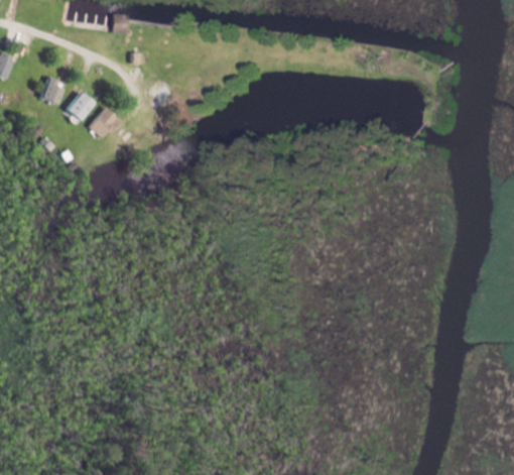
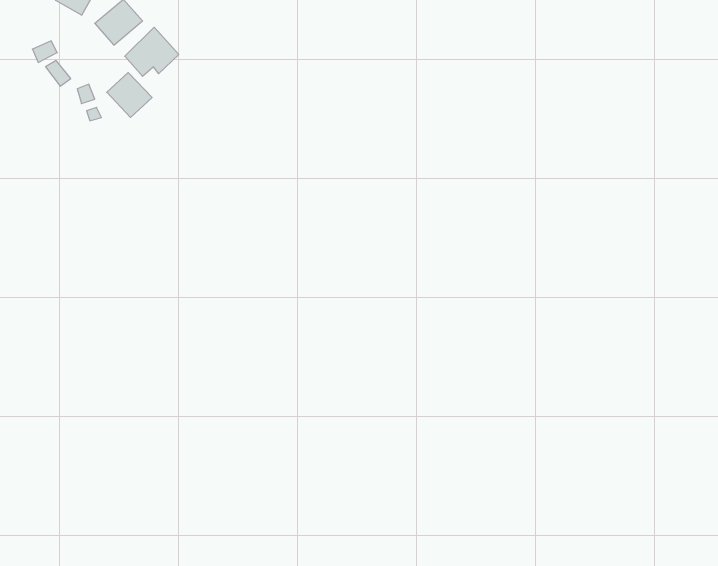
building: none -> [107,73,152,117]

